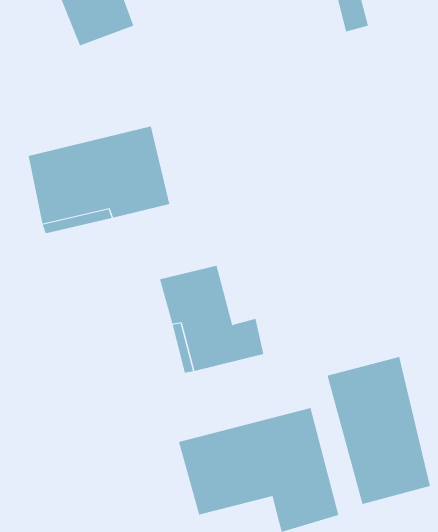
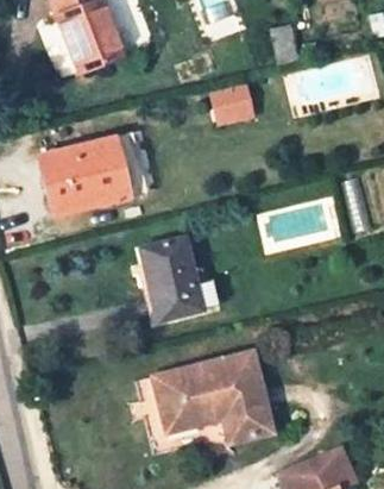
building: none -> [212,84,253,125]
building: [327,356,431,505] -> none

